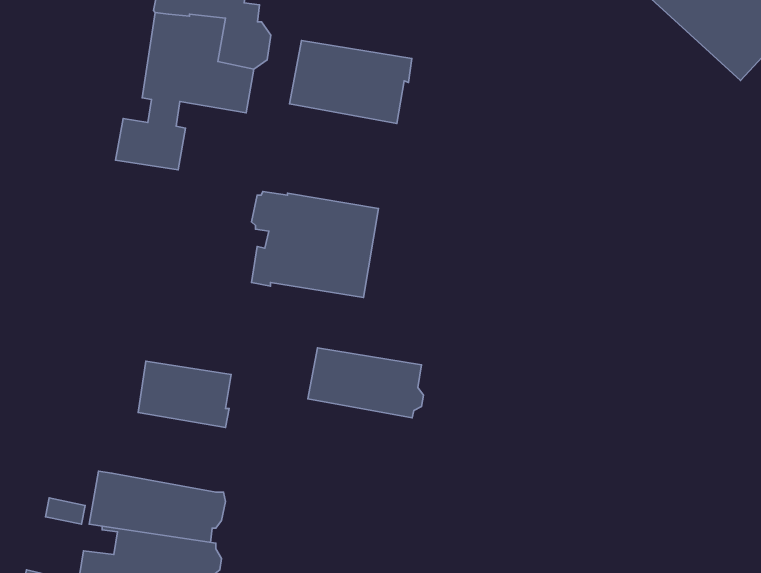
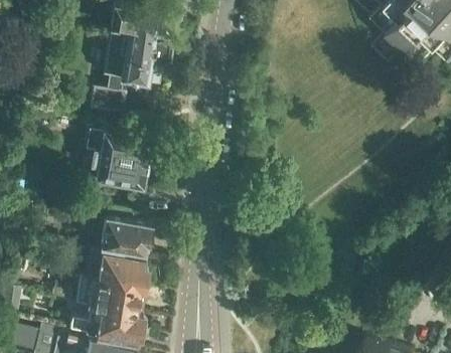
building: [290,40,412,123] -> none
building: [252,191,379,298] -> [83,131,150,187]
building: [308,348,423,418] -> [86,249,147,287]

